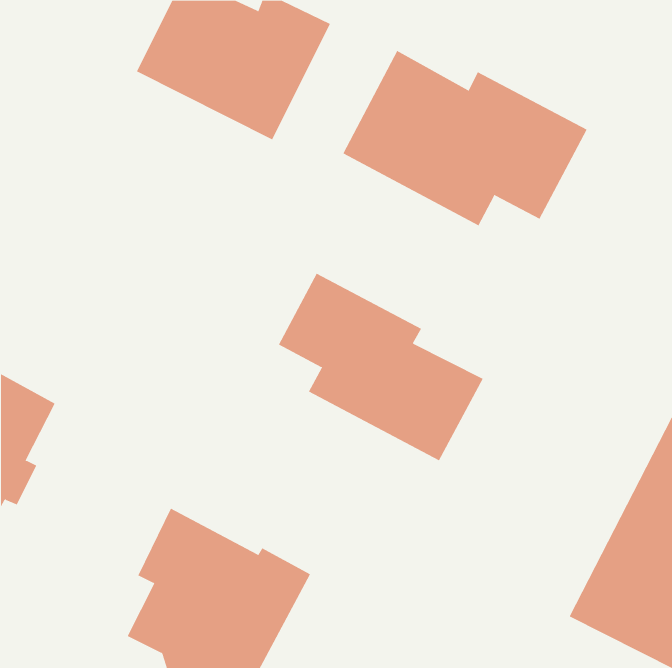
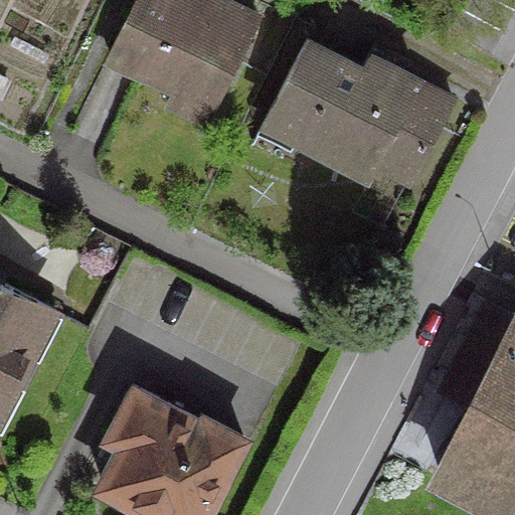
building: [278,273,483,461] -> none

